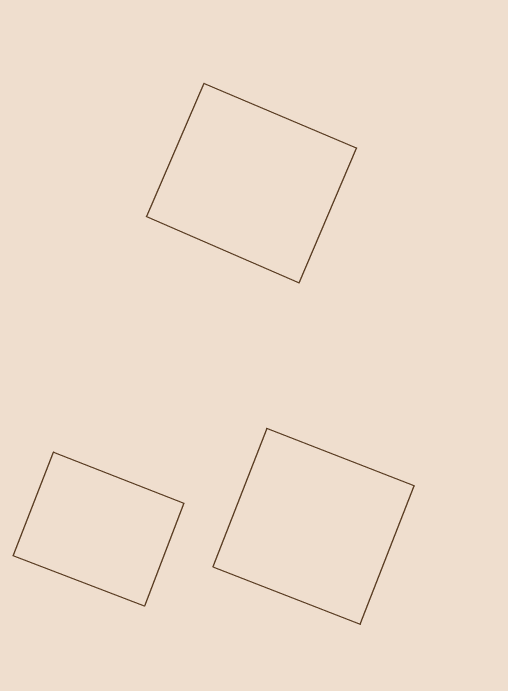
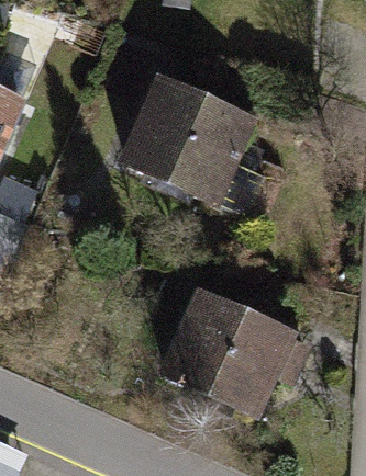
building: [13,452,184,606] -> none

